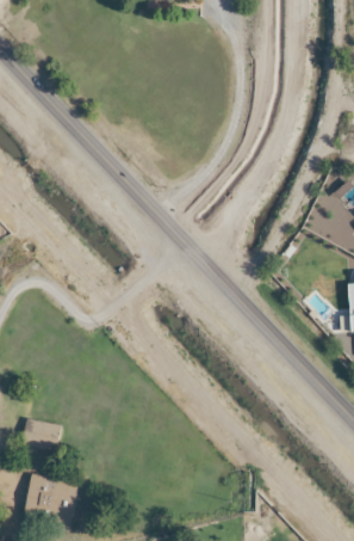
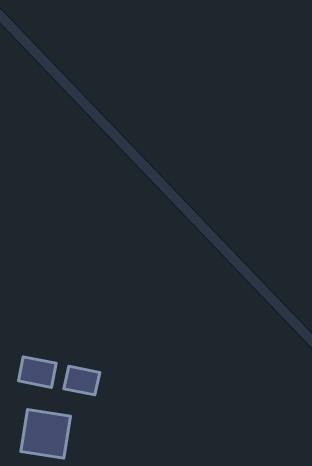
building: none -> [64,366,100,395]

